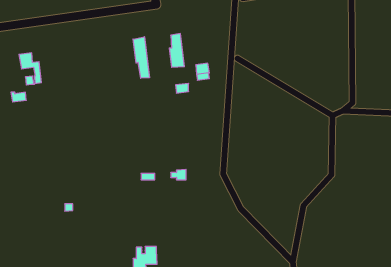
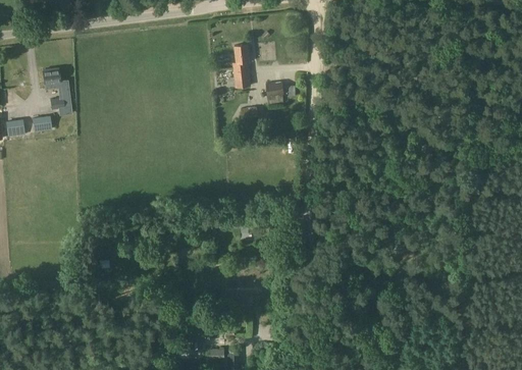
building: [133,37,149,78] -> none

